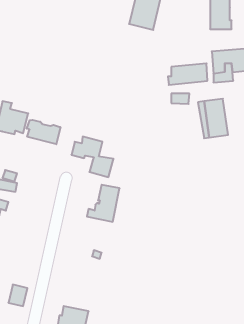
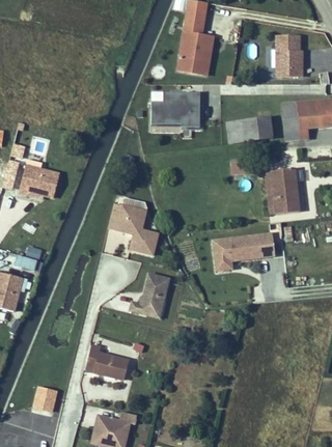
building: none -> [153,94,200,130]
building: [27,120,60,144] -> none
building: none -> [213,227,274,262]
building: none -> [84,339,128,375]

